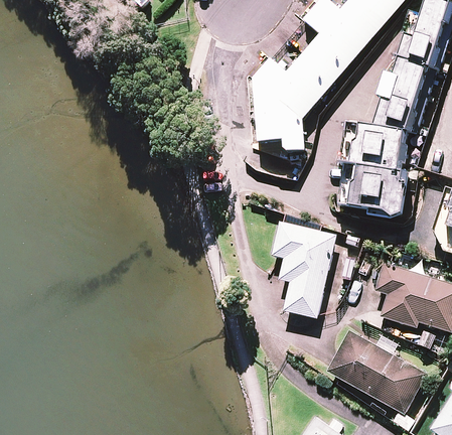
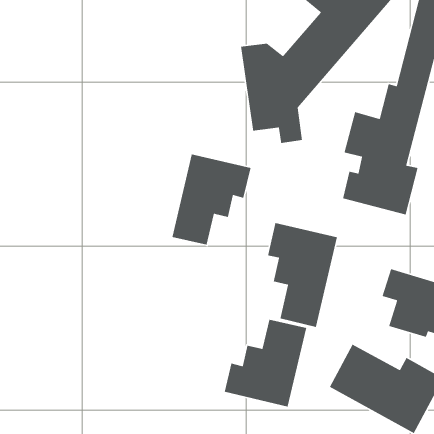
building: none -> [172,153,251,246]
building: none -> [224,319,307,407]

